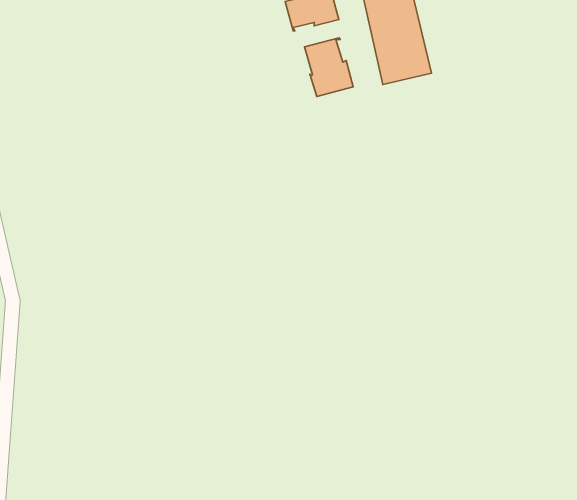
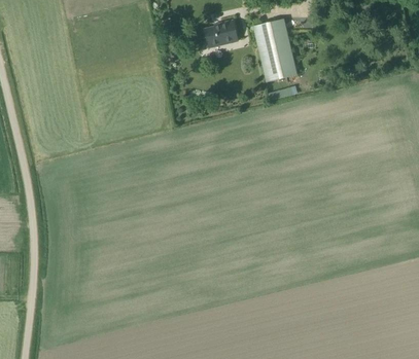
building: [305,38,353,97] -> none

